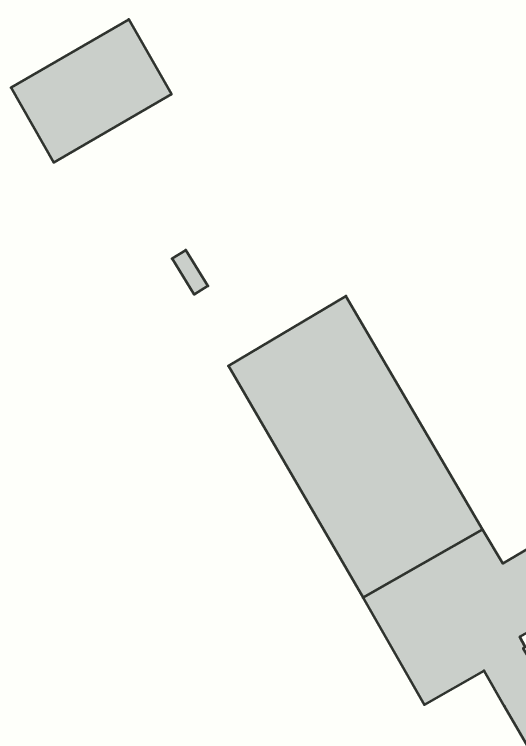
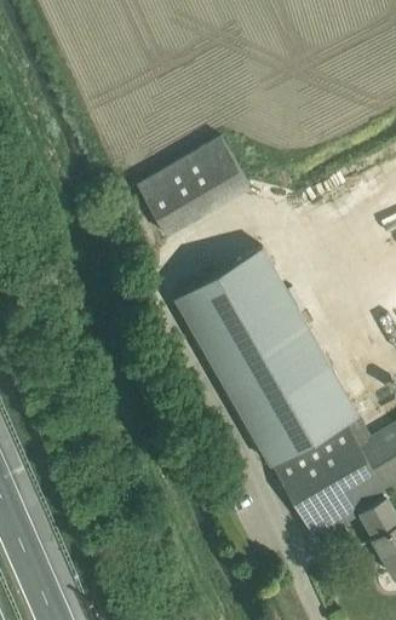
building: [11,19,171,162] -> [136,137,249,239]

